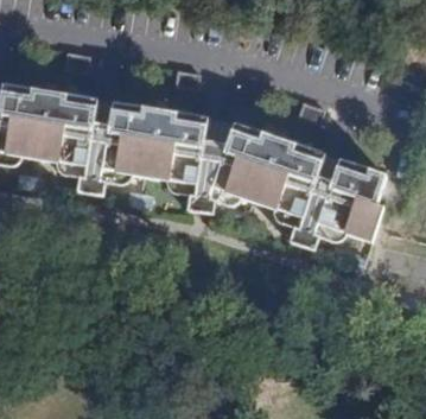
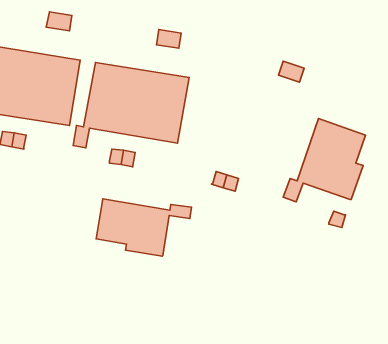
building: [201,122,324,217] -> none
building: none -> [96,199,191,256]

